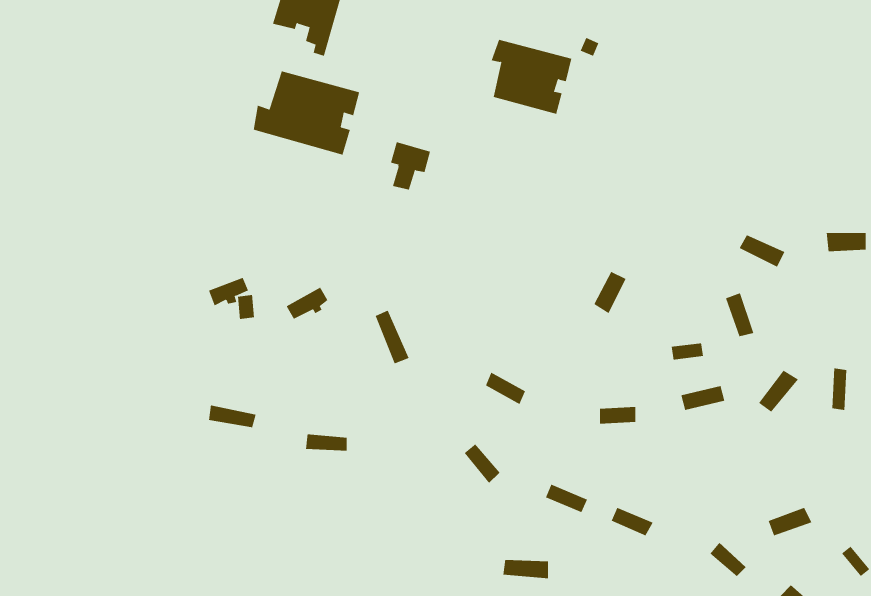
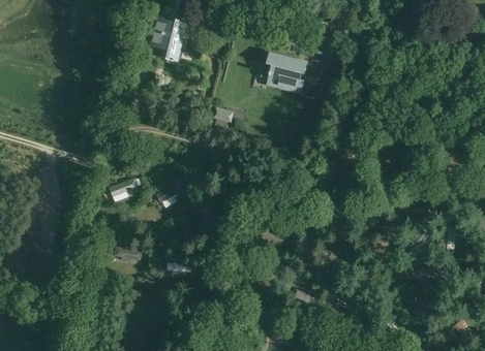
building: [253,71,360,155] -> none

